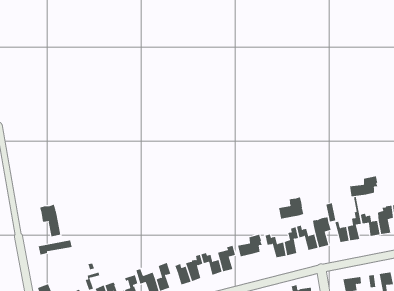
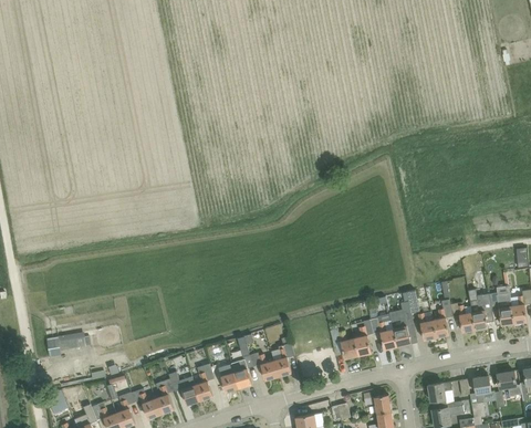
building: [349,176,378,197] -> none
building: [278,196,304,219] -> none
building: [39,204,61,237] -> none
building: [237,234,263,257] -> none

